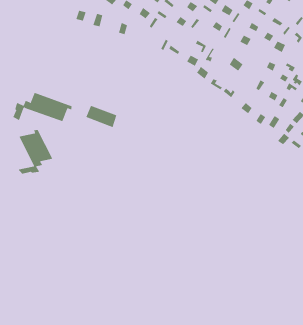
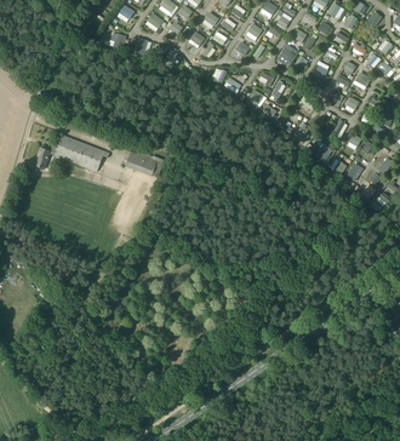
building: [18,129,53,175] -> none

